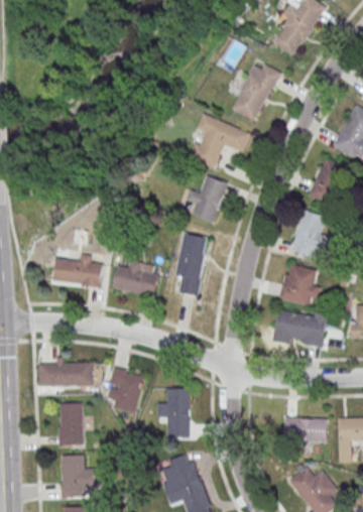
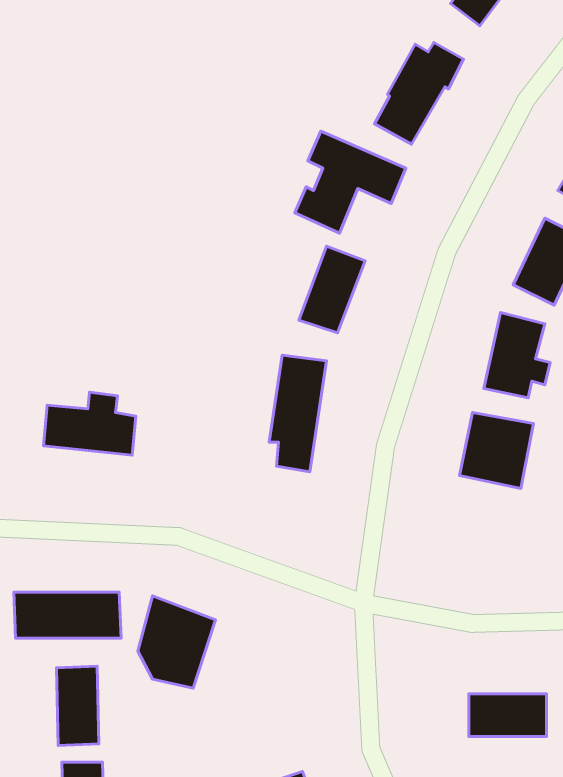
building: [112,261,159,297] -> none
building: [273,309,329,348] -> none
building: [165,389,191,438] -> none

